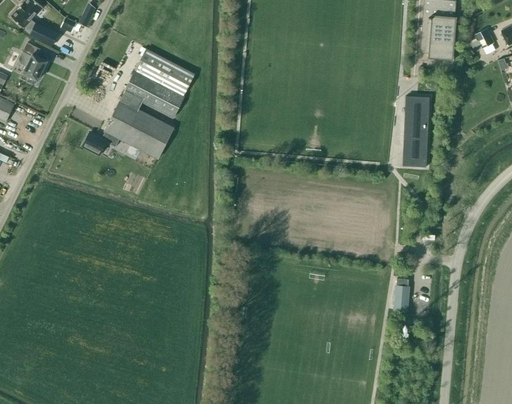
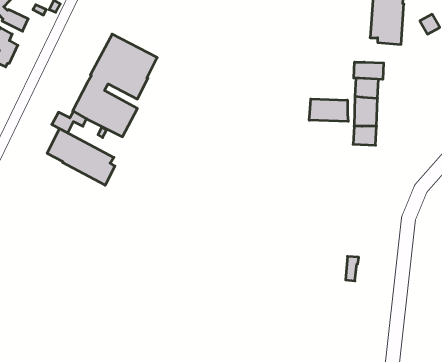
building: none -> [354,62,384,79]
building: none -> [309,99,348,121]
building: none -> [47,129,115,185]

